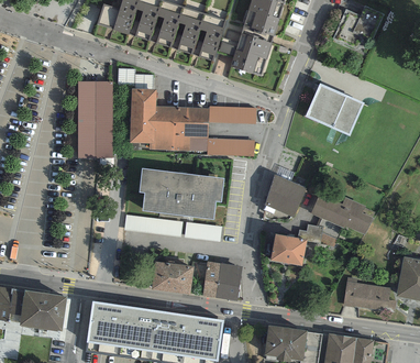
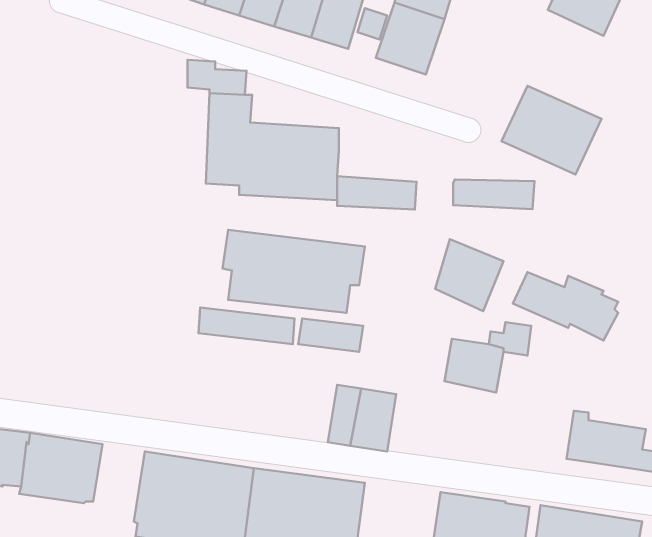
building: [78,80,112,157] -> none
building: [208,106,256,123] -> [453,179,534,209]
building: [151,260,194,294] -> none

